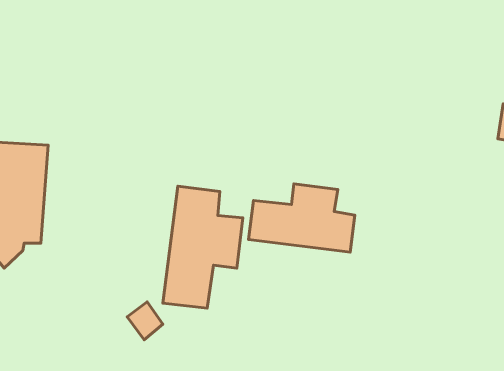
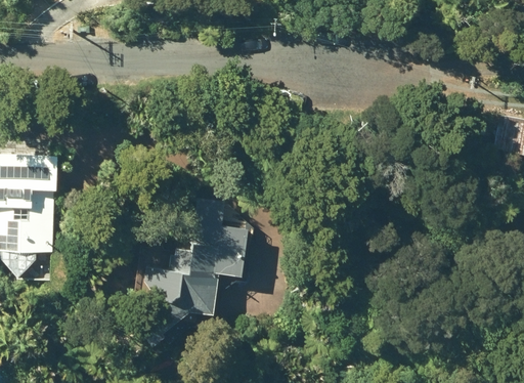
building: [248,184,355,252] -> none

